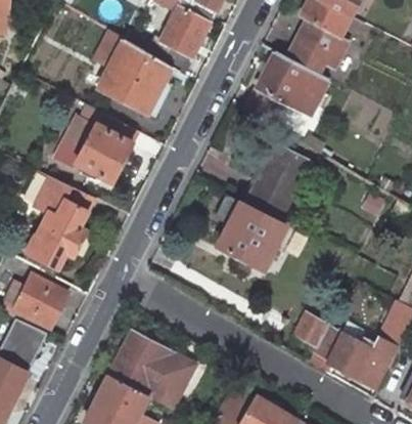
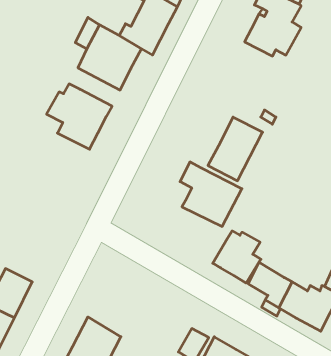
building: [245,51,329,126] -> none
building: [26,176,95,268] -> none
building: none -> [213,231,261,283]
building: [14,275,67,328] -> none
building: [110,332,195,410] -> none

